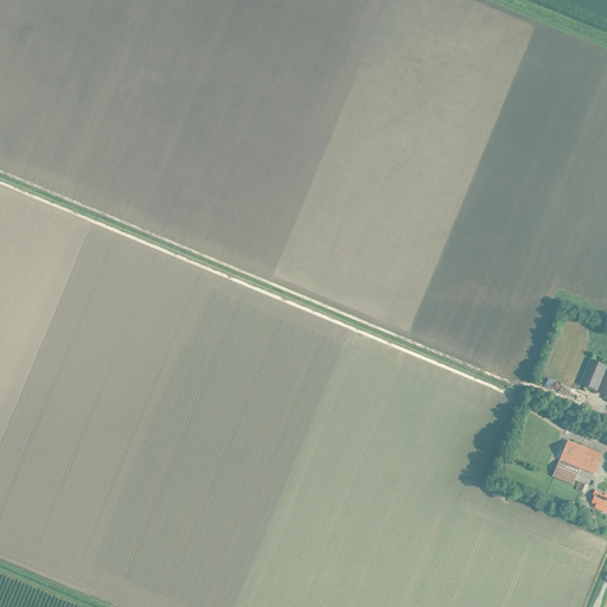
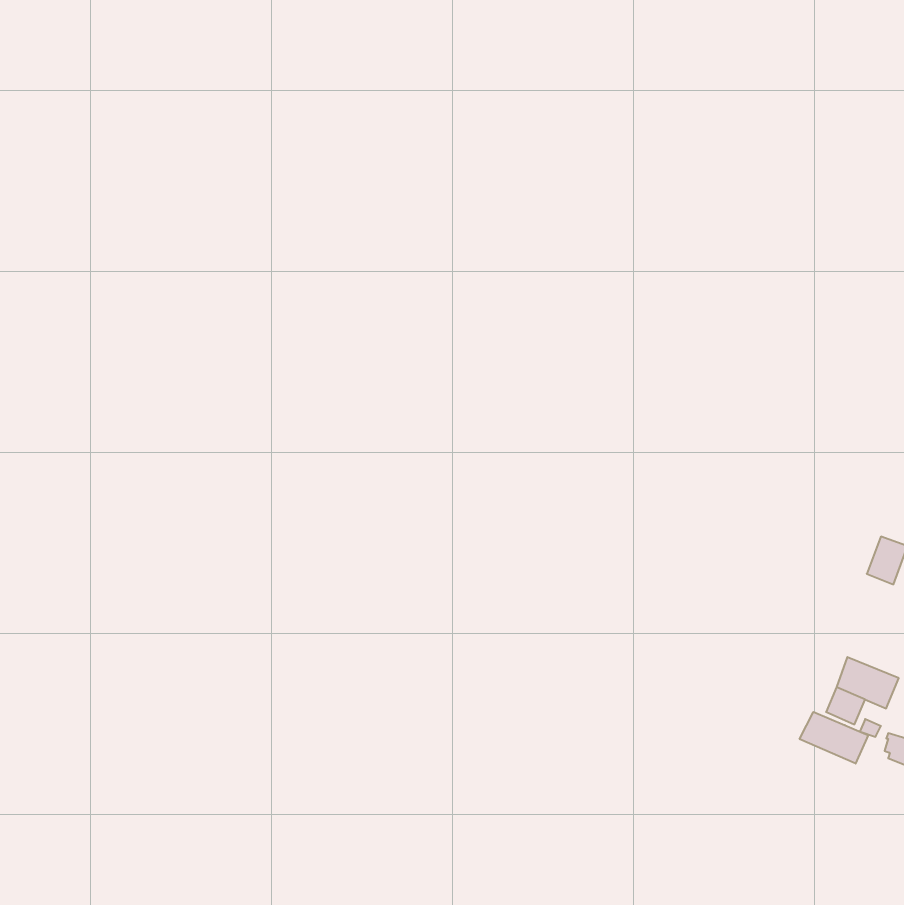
building: none -> [800,712,868,764]

